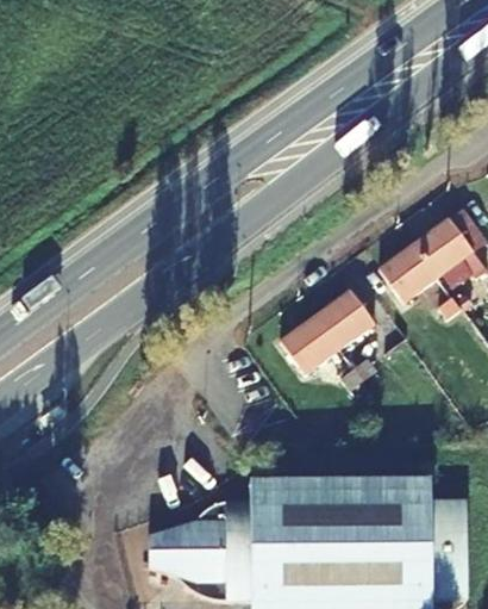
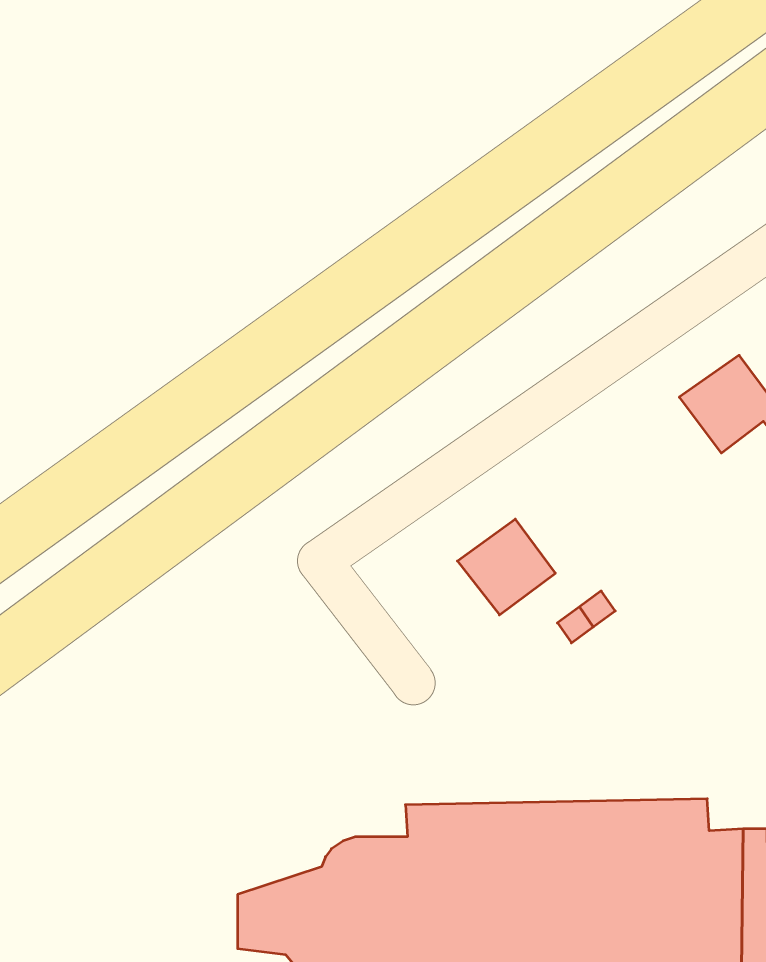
building: [381,242,438,340] -> none
building: [315,288,375,347] -> none

